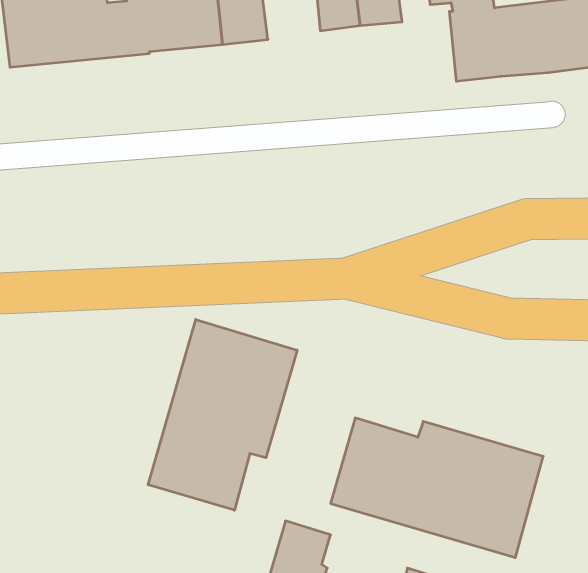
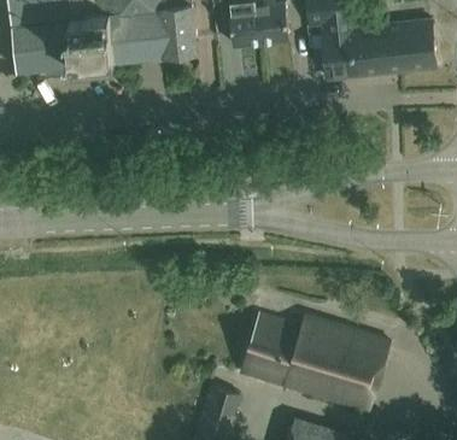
building: [148,319,297,510] -> none

